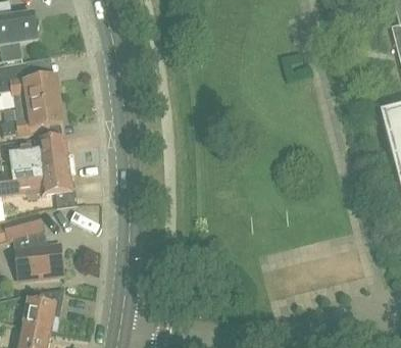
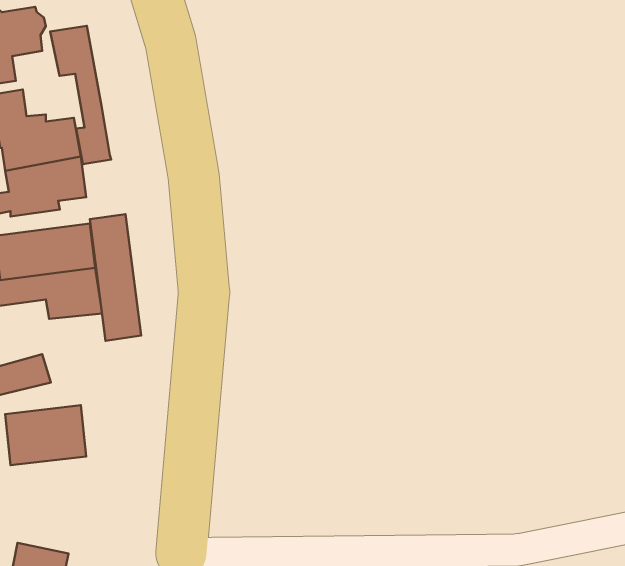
building: none -> [50,26,111,164]
building: none -> [90,214,141,341]
building: [23,289,66,330] -> none

